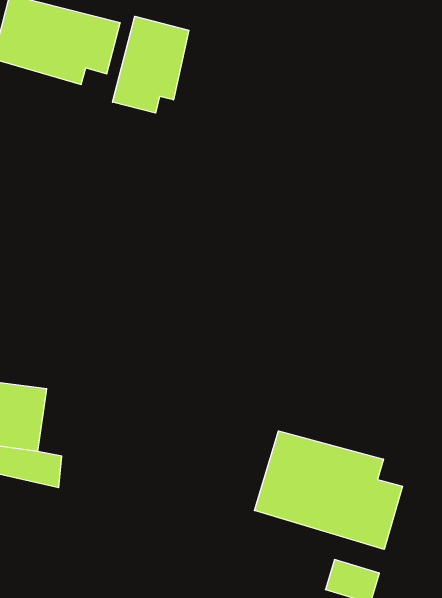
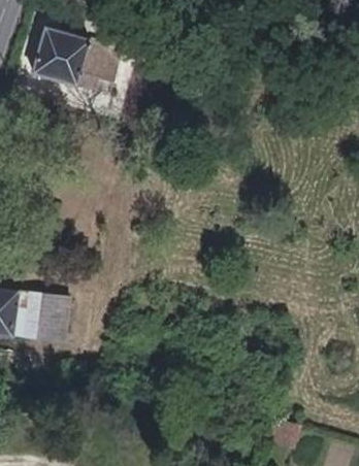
building: [113,16,189,113] -> none
building: [254,431,402,549] -> none

